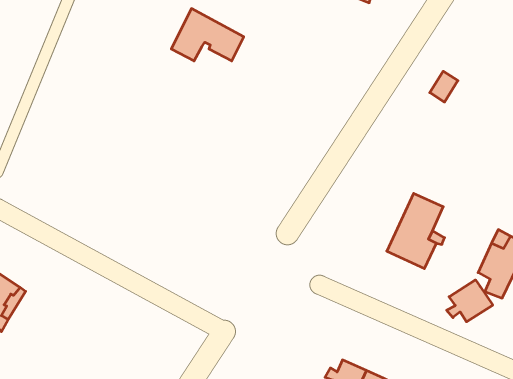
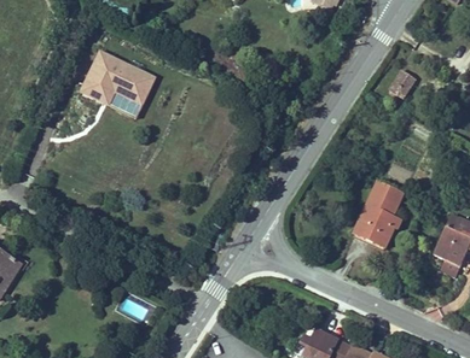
building: [171,9,244,61] -> [83,63,149,110]
building: [447,280,493,322] -> none

